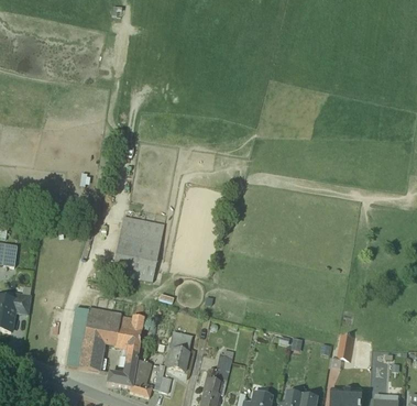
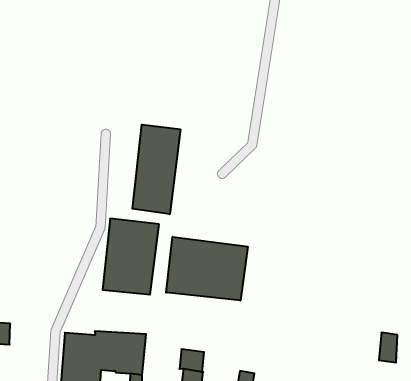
building: none -> [132,125,180,214]
building: none -> [166,237,248,301]

